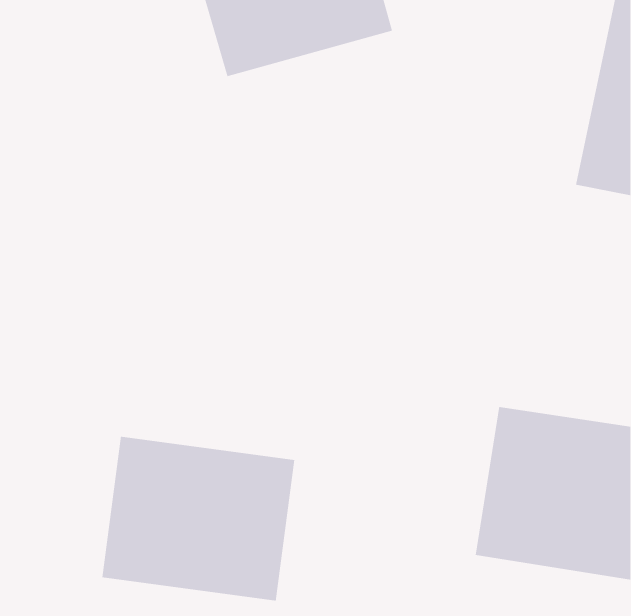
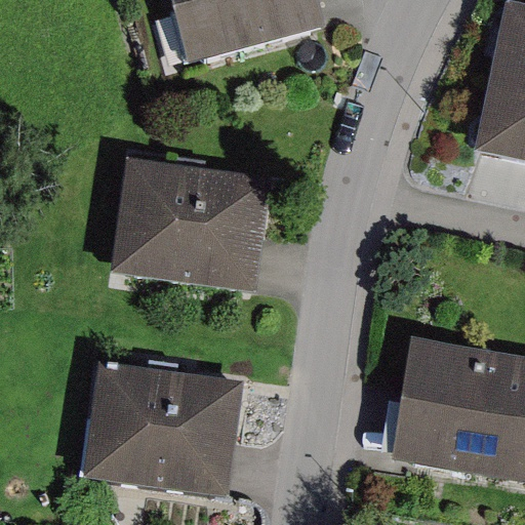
building: none -> [110,156,272,293]

